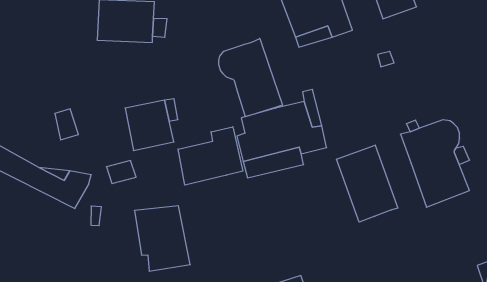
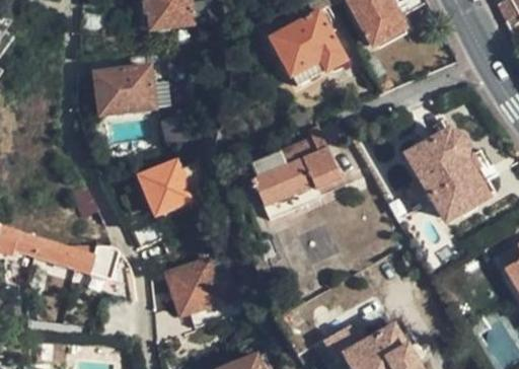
building: [219,38,283,117] -> none
building: [178,127,243,185] -> none
building: [337,145,398,222] -> none

